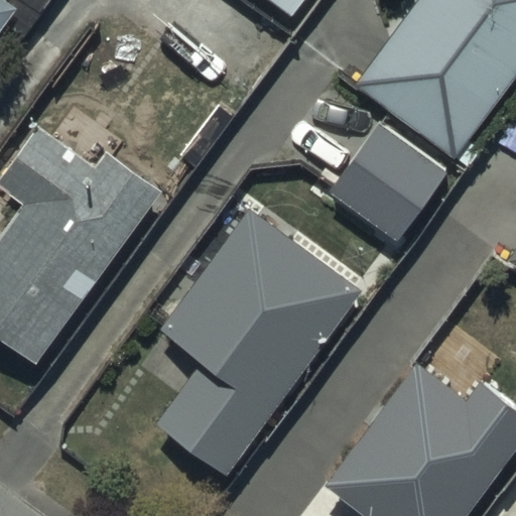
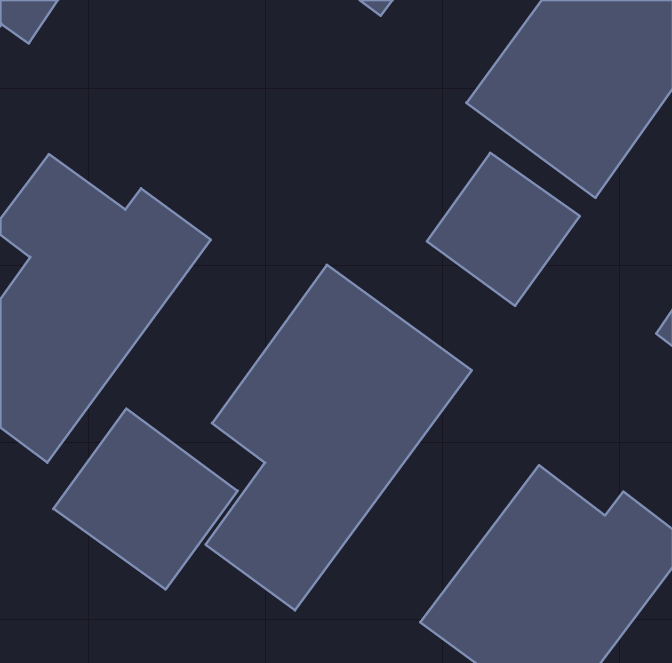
building: none -> [53,409,238,589]

